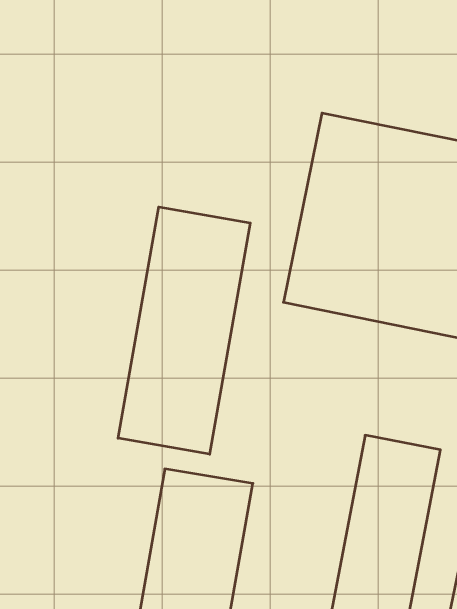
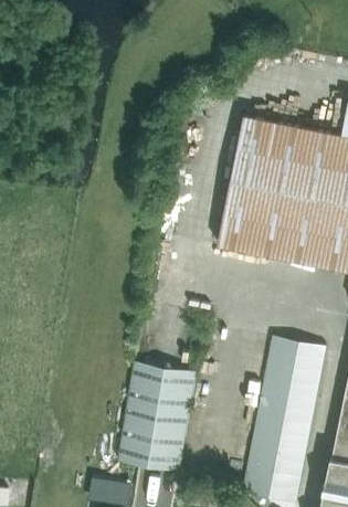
building: [118,207,250,454] -> none

